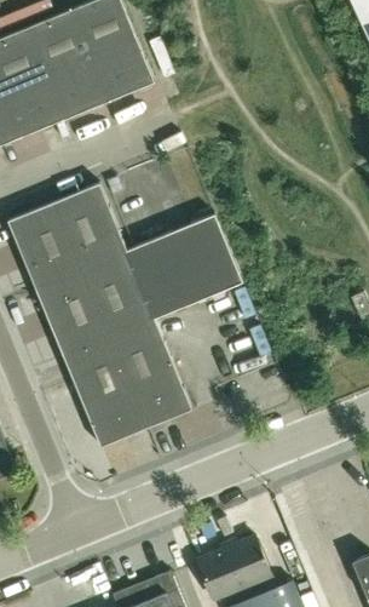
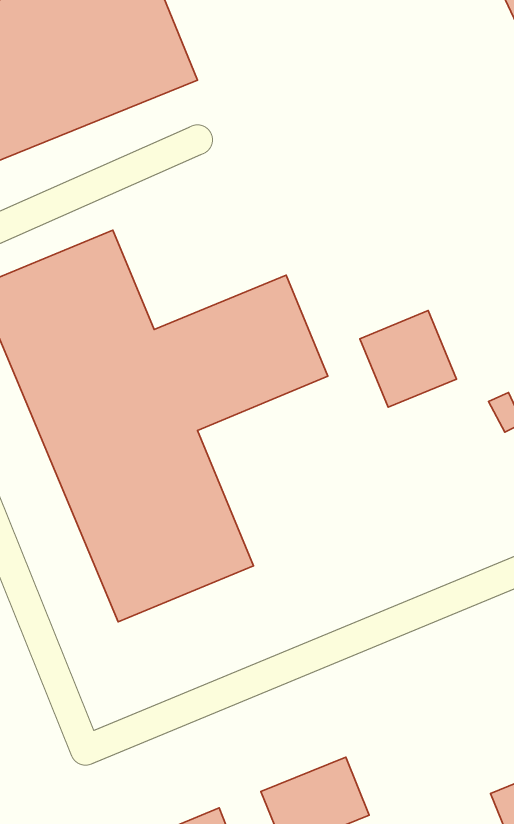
building: none -> [360,311,457,407]

